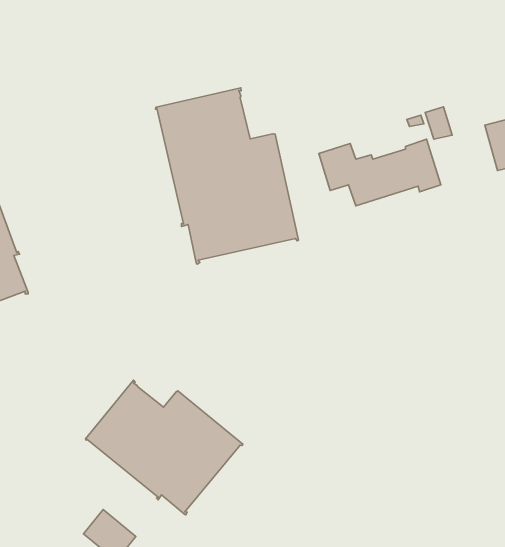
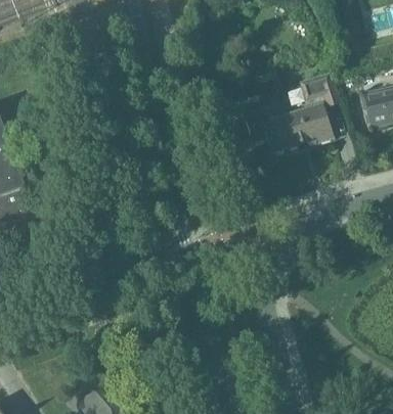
building: [156,88,299,264] -> none
building: [86,380,243,515] -> none

